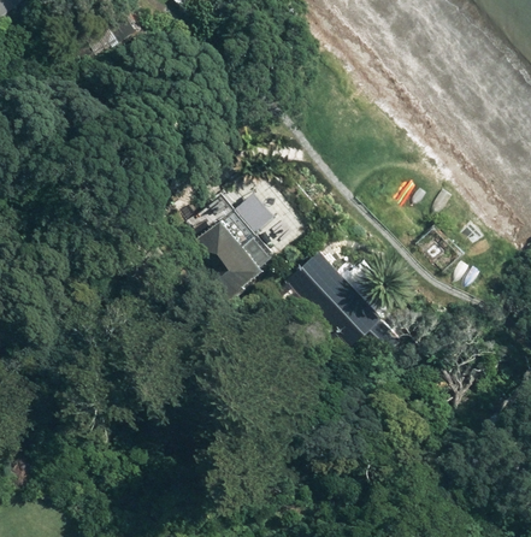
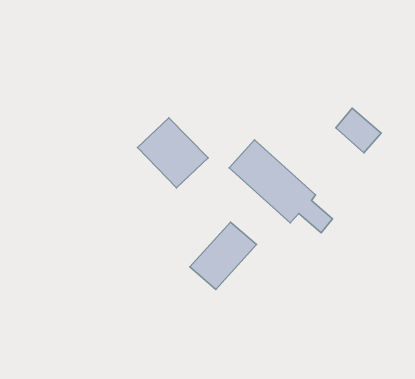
building: none -> [190,222,256,289]

